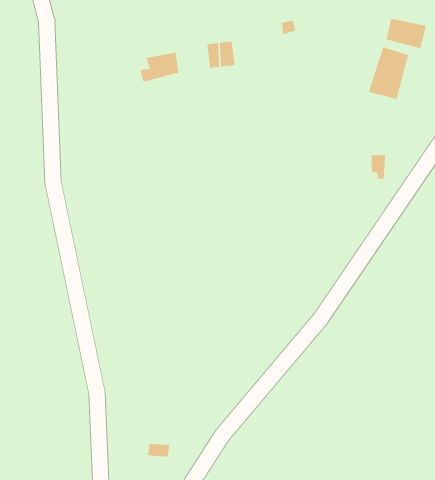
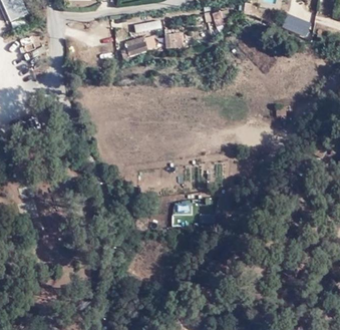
building: [368,47,409,100] -> none

